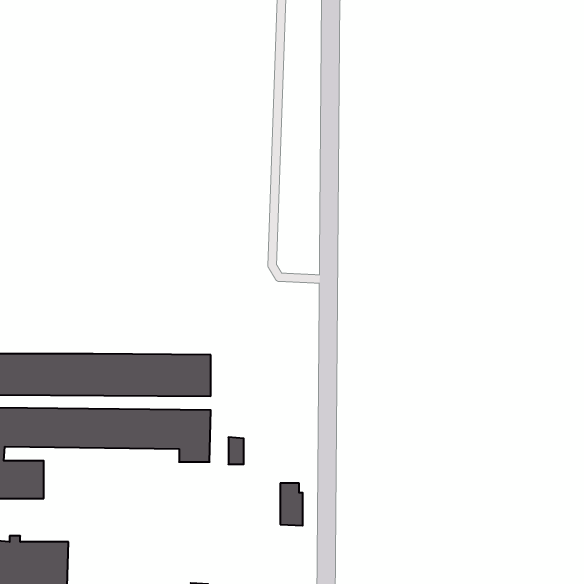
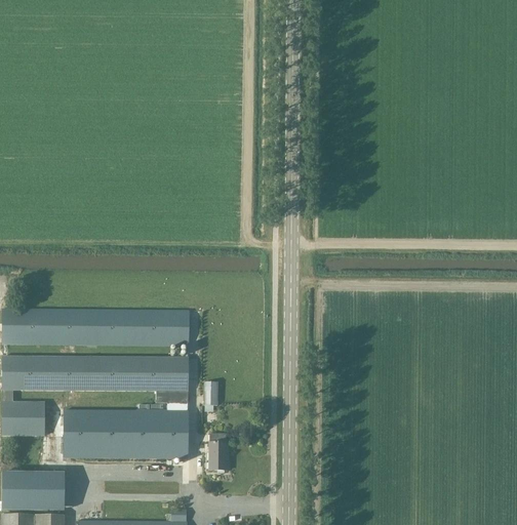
building: none -> [64,403,188,458]
building: [280,483,303,526] -> [209,434,229,471]

